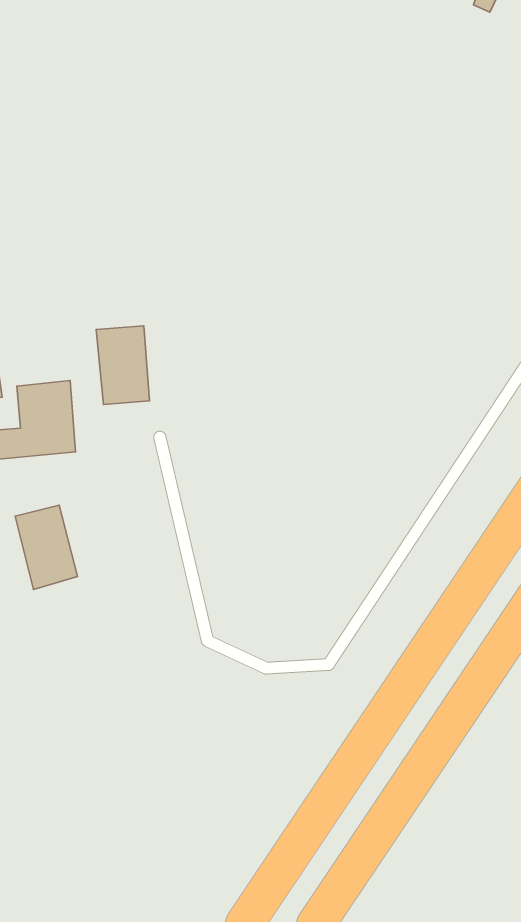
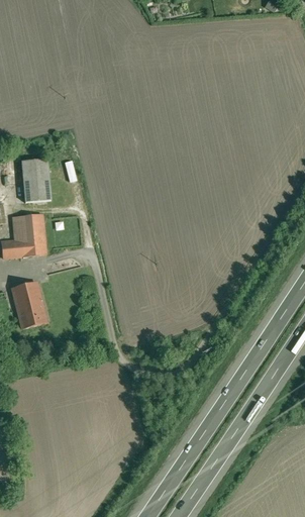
building: [96,326,149,405] -> [21,158,50,201]

